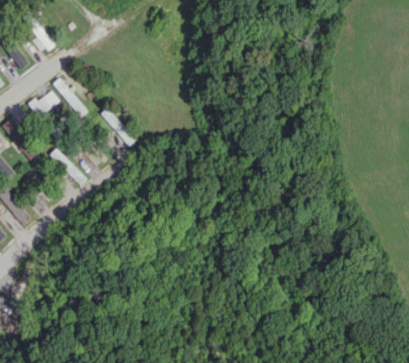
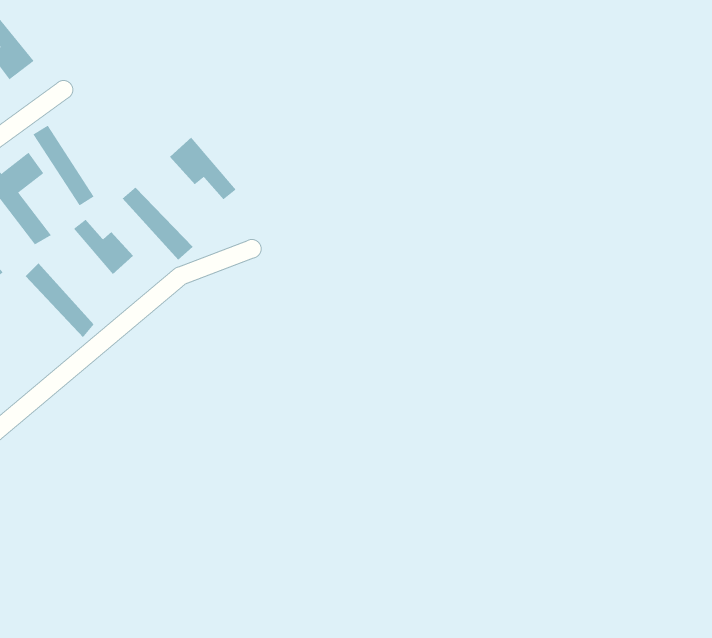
building: none -> [169,137,237,200]
building: none -> [73,219,134,275]

